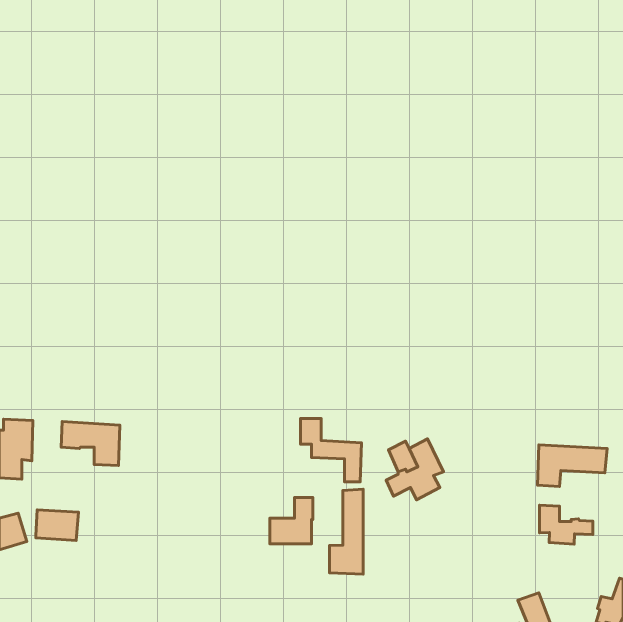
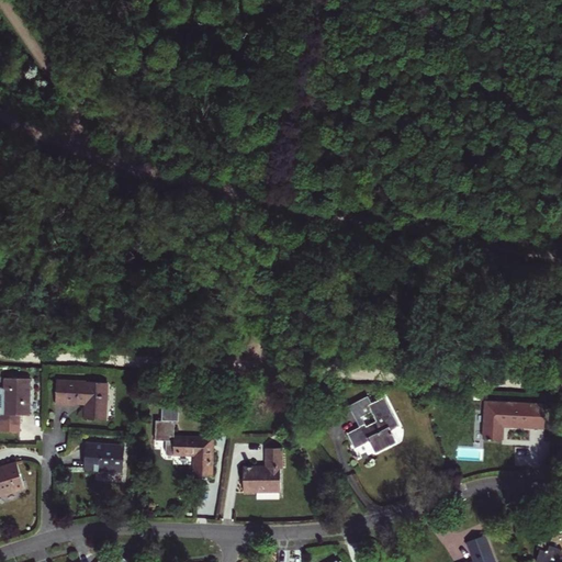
building: [300,418,362,482] -> [155,418,210,475]
building: [330,489,363,574] -> none
building: [539,505,593,544] -> none
building: [36,510,79,540] -> [85,443,123,471]

